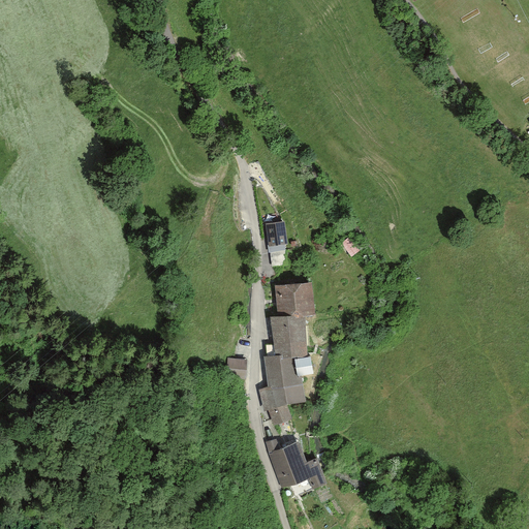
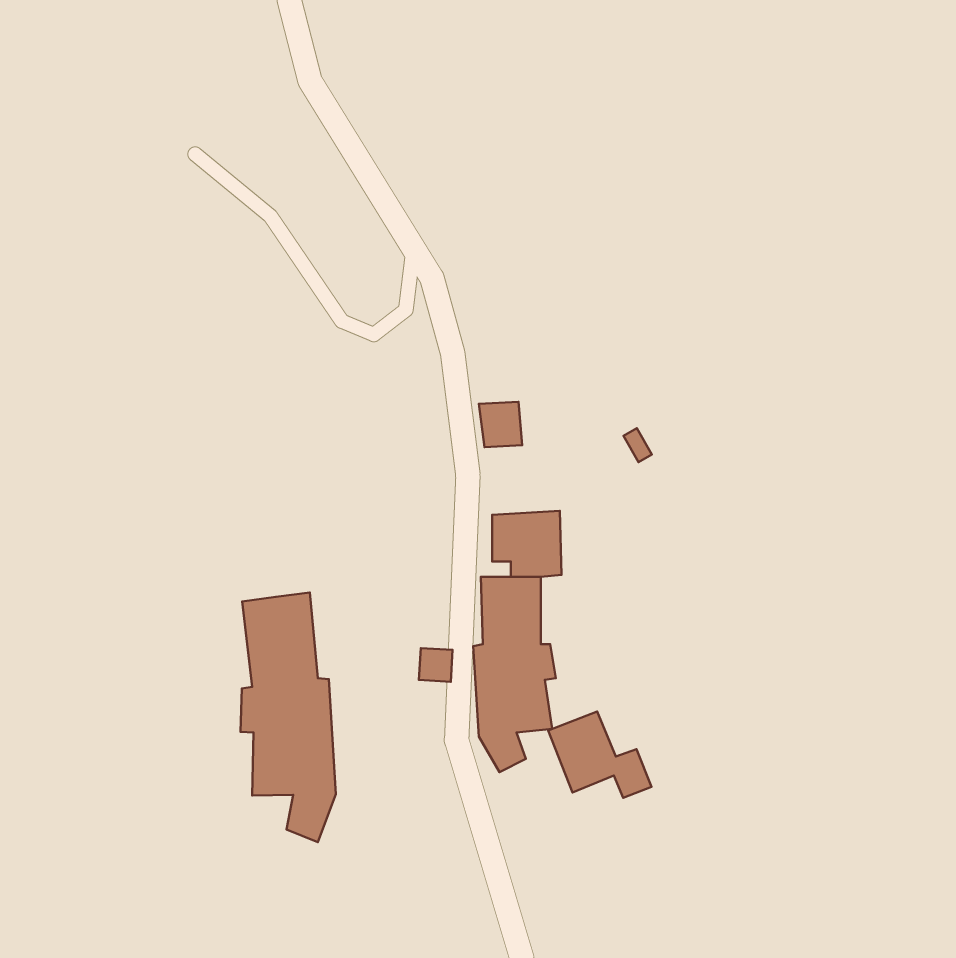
building: none -> [240,592,336,842]
building: [269,442,325,490] -> [548,712,651,798]

